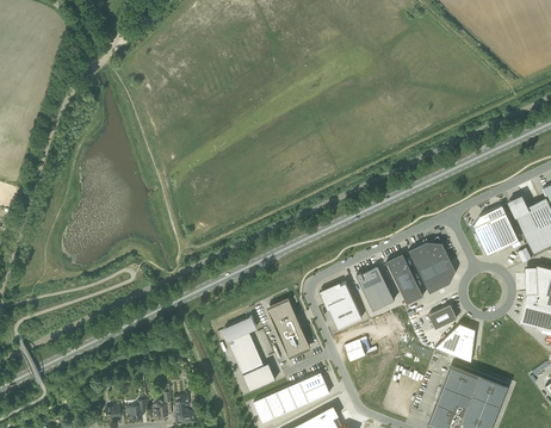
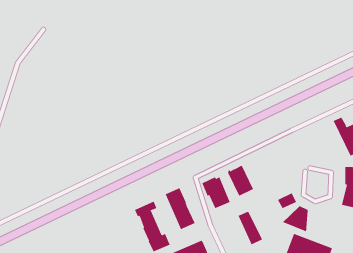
building: [473,204,519,255] -> none
building: [409,241,456,292] -> none
building: [386,253,423,304] -> [237,210,263,245]

